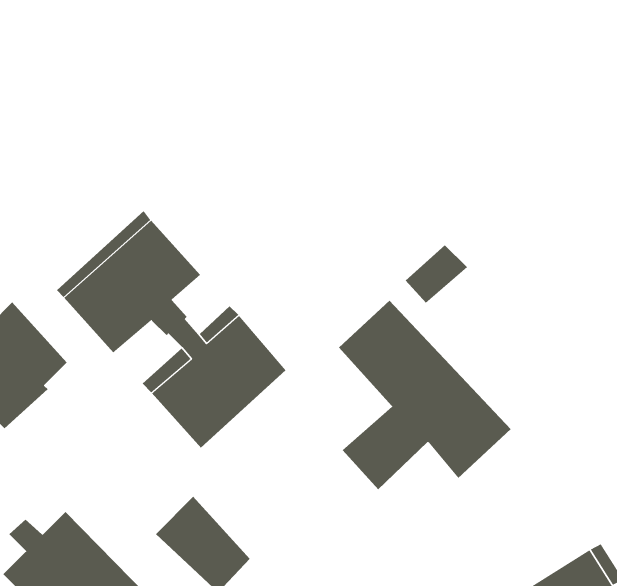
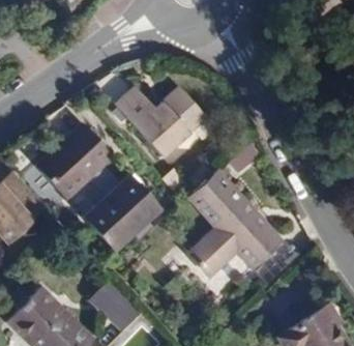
building: none -> [115,87,208,158]

